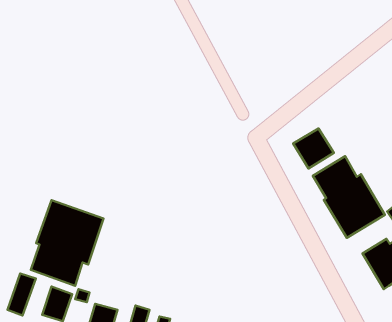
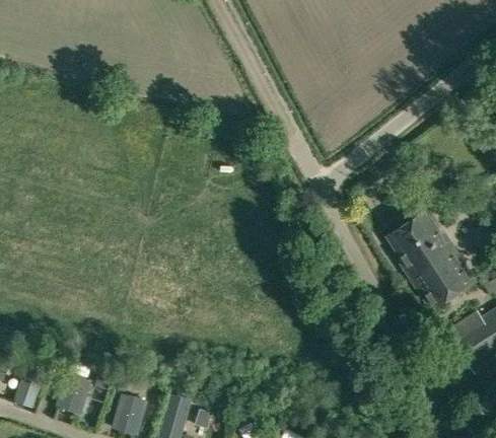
building: [293,129,334,168] -> none
building: [31,200,104,286] -> none

